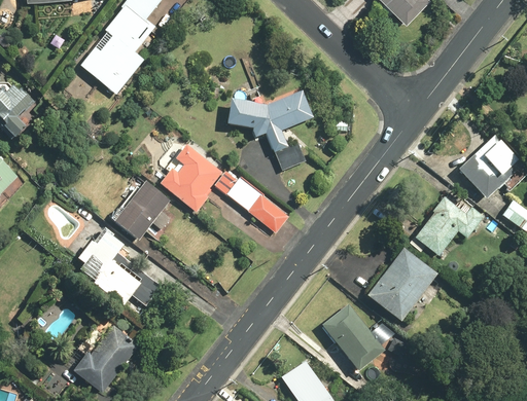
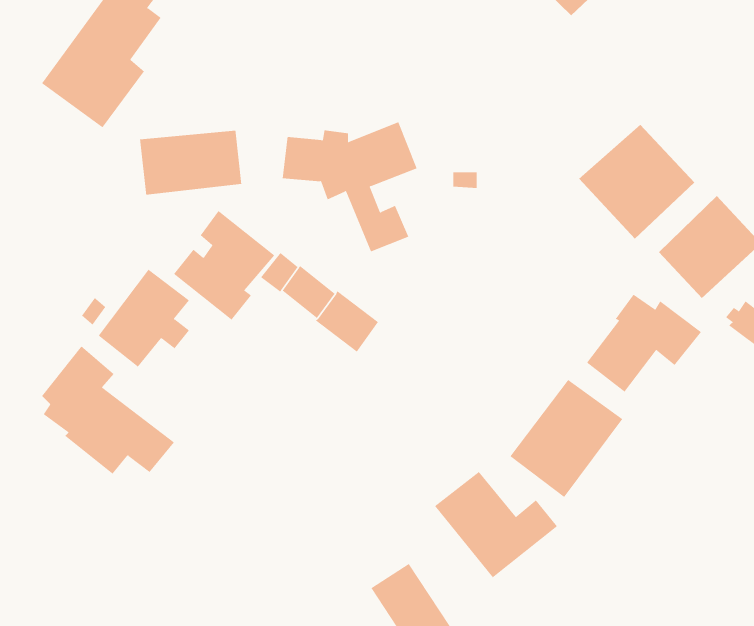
building: none -> [578,124,695,240]
building: none -> [140,130,242,196]
building: [72,326,139,394] -> none

